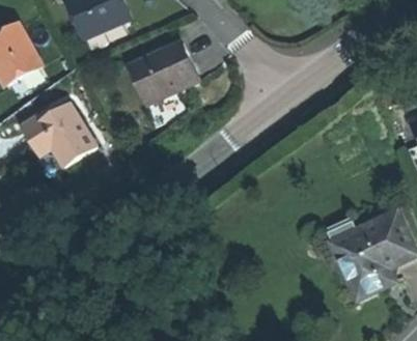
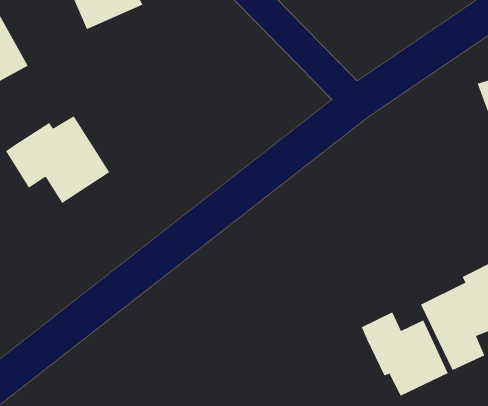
building: [128,40,199,105] -> none
building: none -> [361,312,448,397]

